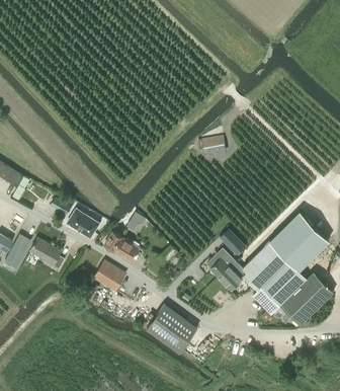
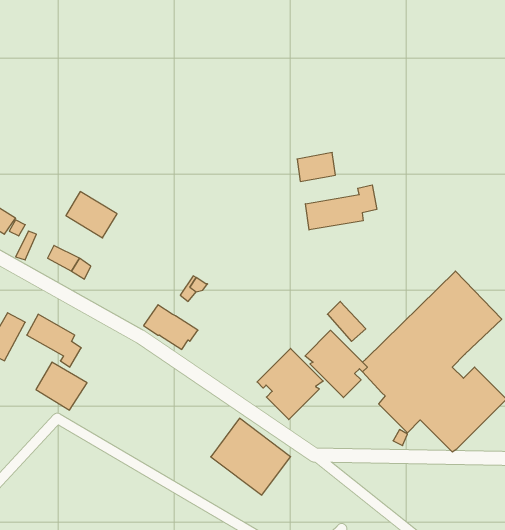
building: none -> [305,185,377,230]
building: [67,208,99,237] -> [66,192,117,238]
building: none -> [257,348,323,420]
building: [94,259,126,290] -> [36,362,87,410]

